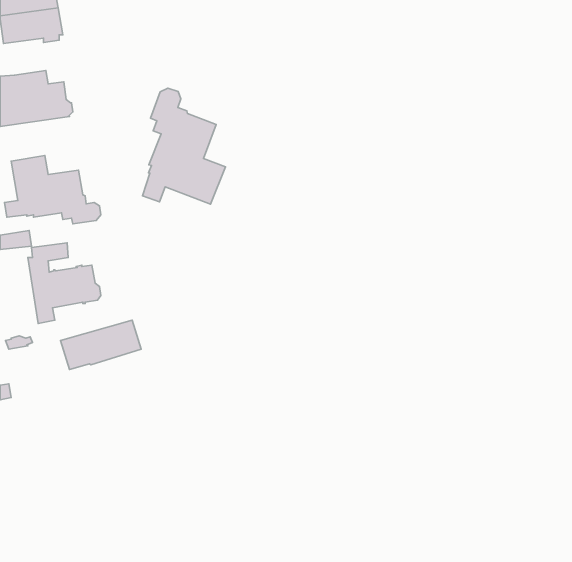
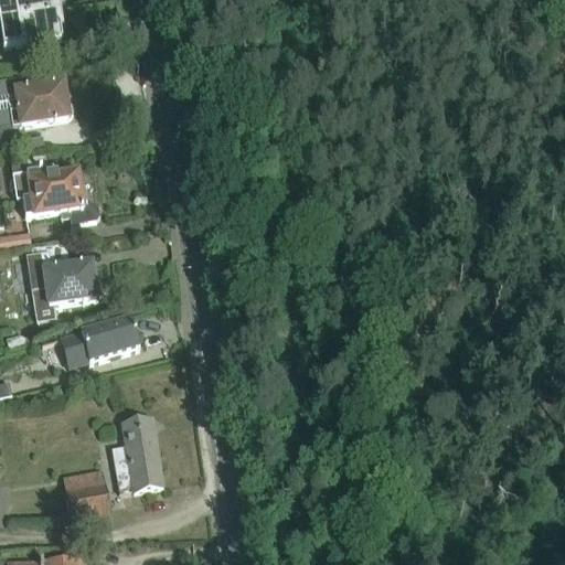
building: [142,88,225,204] -> none
building: none -> [111,415,163,490]
building: none -> [65,467,110,522]

